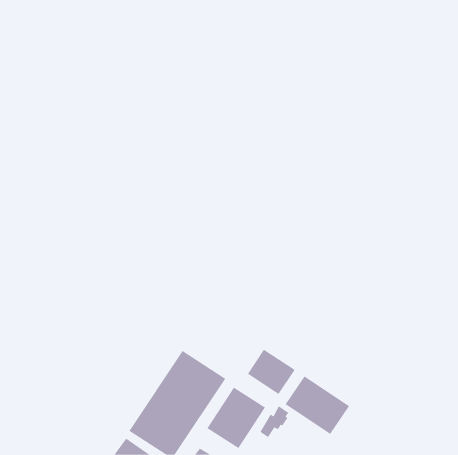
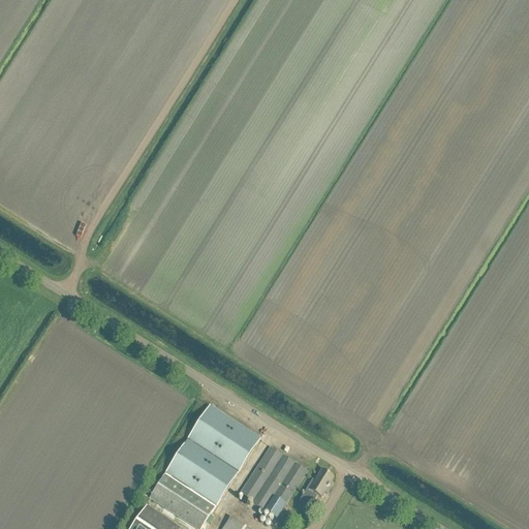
building: [247,349,296,395] -> none
building: [285,376,350,435] -> none

